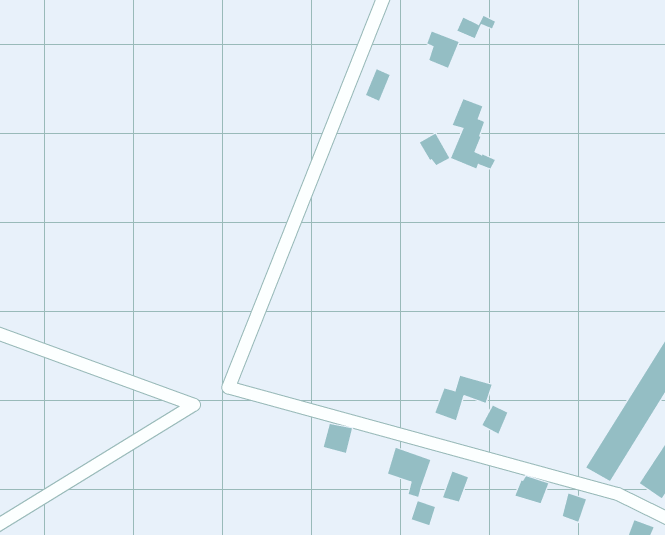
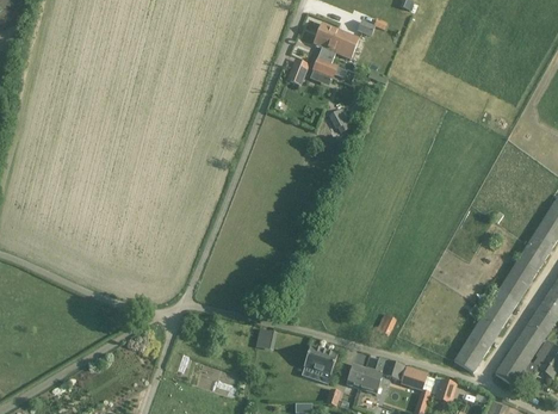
building: [450,98,496,169] -> [312,23,347,76]
building: [434,375,493,421] -> [359,358,403,393]

